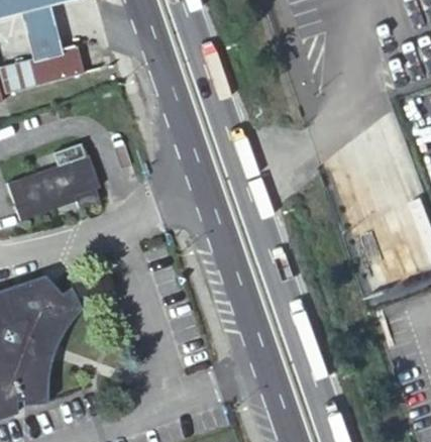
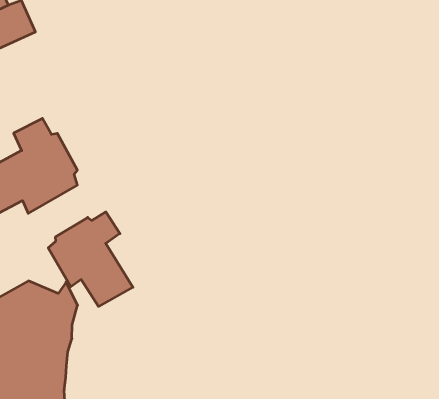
building: none -> [48,212,133,306]

